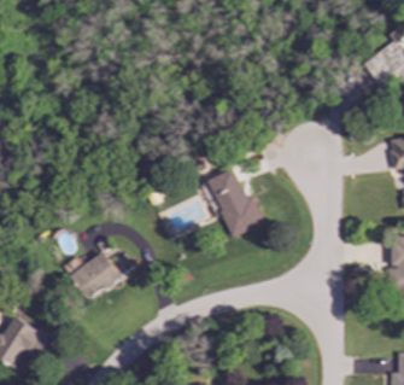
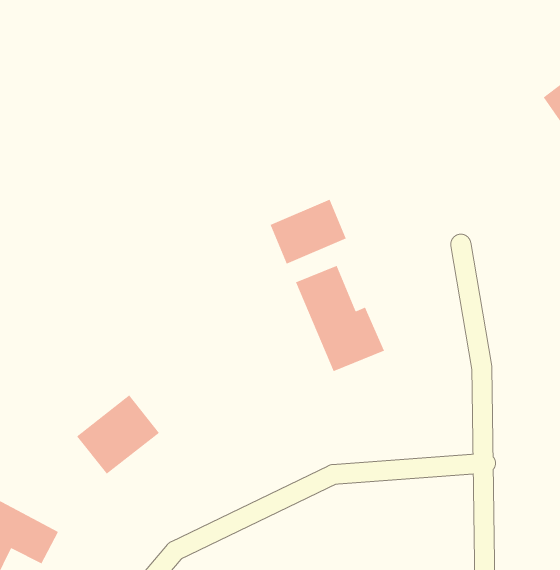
building: none -> [270,199,346,264]

